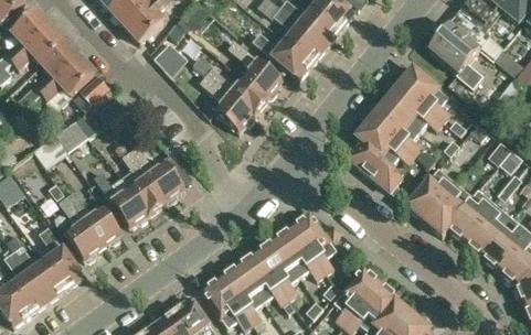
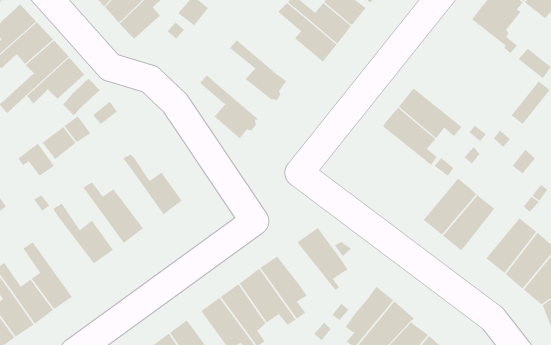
building: [427,22,484,88] -> none
building: [252,32,314,79] -> none
building: [153,42,187,77] -> none
building: [193,54,267,114] -> none
building: [396,67,448,121] -> none
building: [348,120,413,201] -> none
building: [121,150,167,214] -> none
building: [446,191,493,241] -> none
building: [57,196,103,260] -> none
building: [272,227,325,278] -> none

